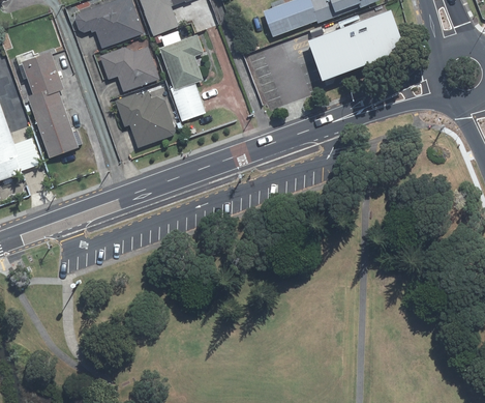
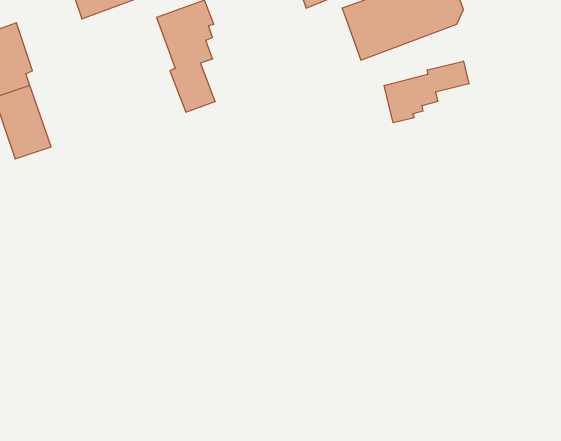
building: [100,46,159,91] -> none
building: none -> [384,61,469,123]
building: [115,91,175,147] -> none

